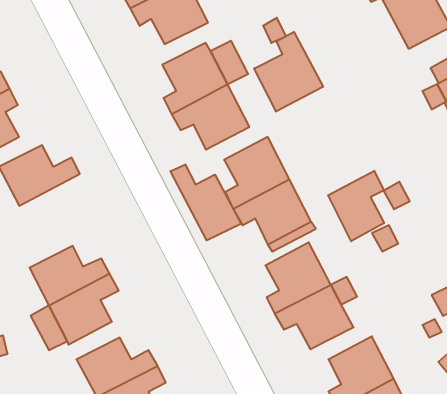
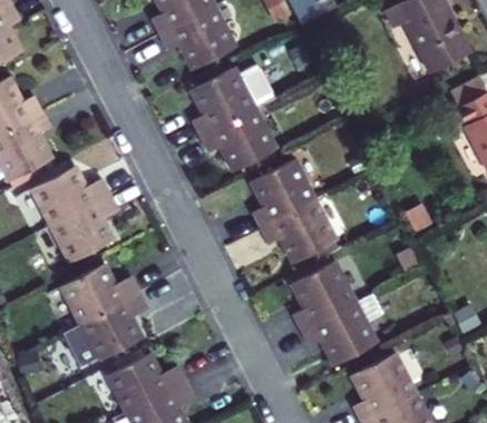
building: [254,32,323,112] -> none
building: [170,164,241,240] -> none
building: [328,171,384,241] -> none
building: none -> [51,195,119,263]

